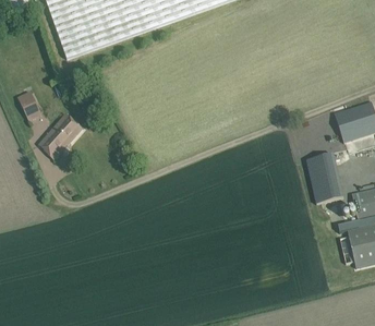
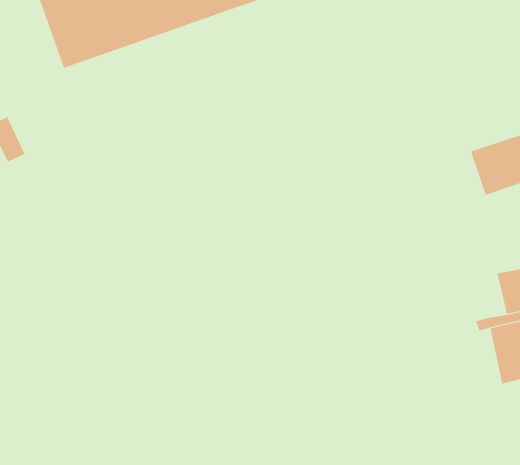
building: [39,113,83,160] -> none
building: [306,154,343,204] -> none

